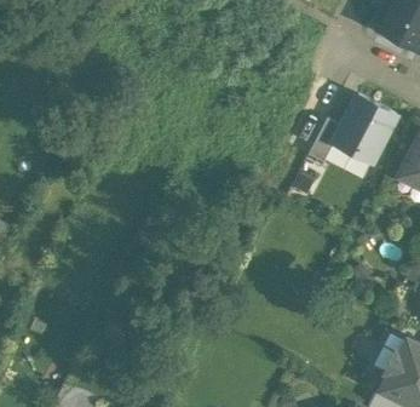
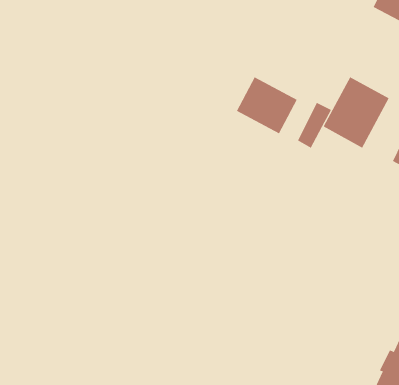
building: none -> [236,76,298,134]

